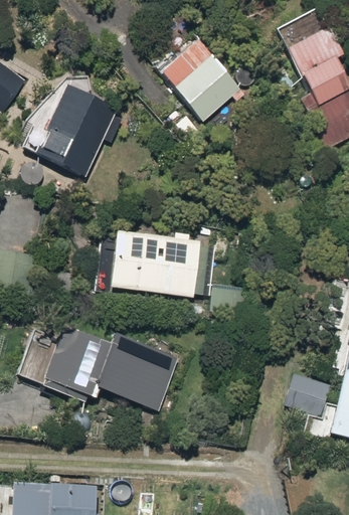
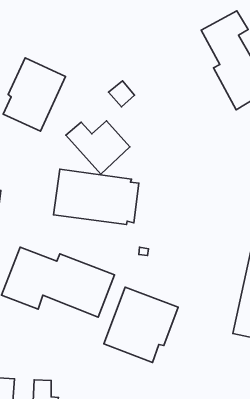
building: [161,58,240,125] -> [66,121,130,174]
building: [282,371,331,415] -> none
building: none -> [104,287,178,362]

